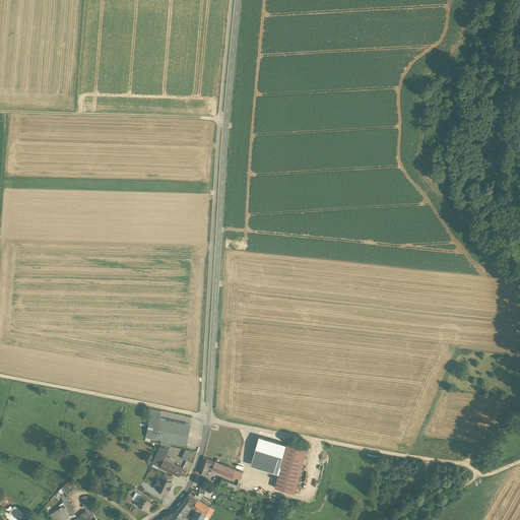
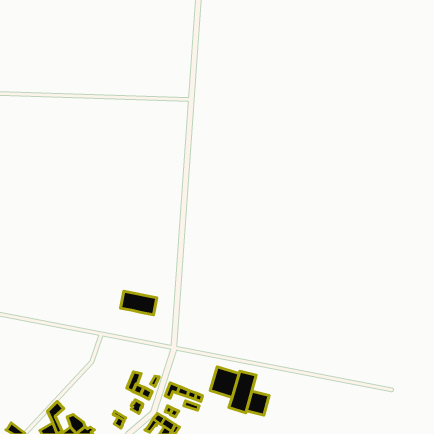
building: [145,417,189,446] -> [120,291,157,315]
building: none -> [246,391,269,415]

